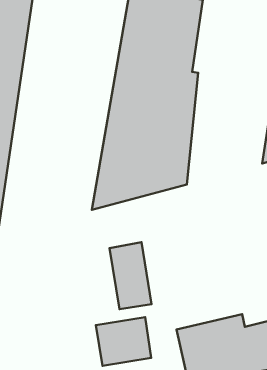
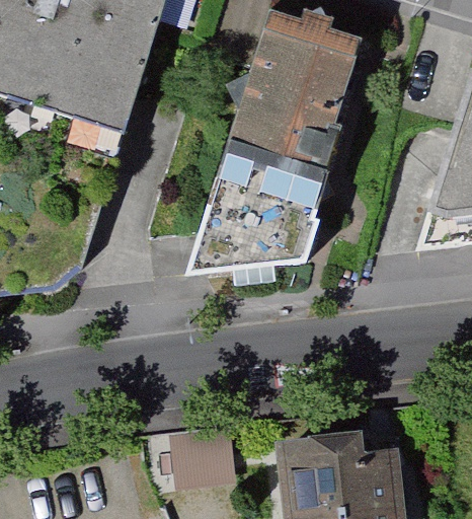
building: [110,242,152,309] -> none

